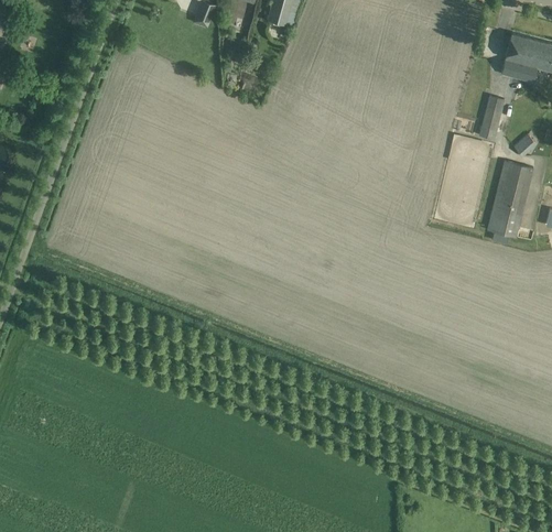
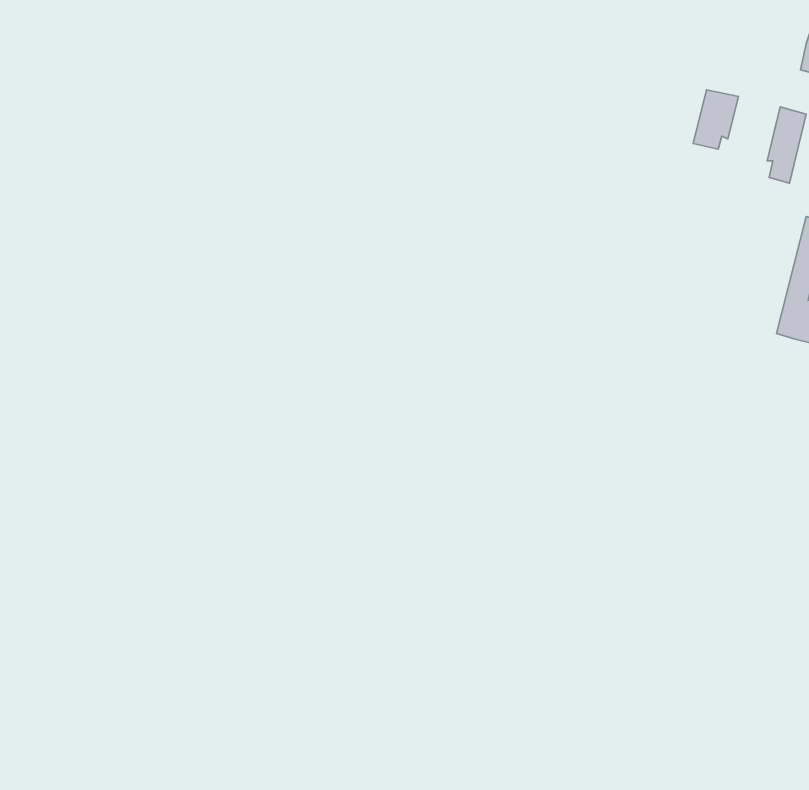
building: none -> [693,90,738,149]

